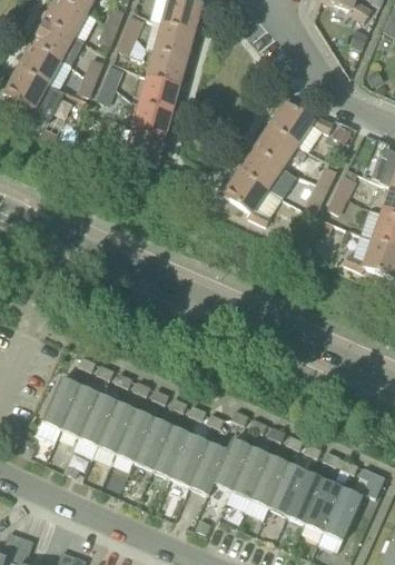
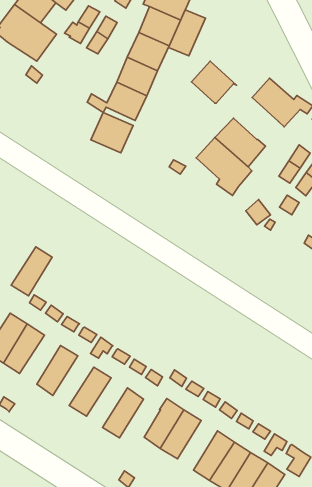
building: none -> [169,10,205,56]
building: [255,123,300,165] -> [192,61,237,103]
building: none -> [91,112,133,153]
building: [80,394,117,444] -> [11,247,52,296]
building: [117,409,154,460] -> none
building: [154,426,190,477] -> none
building: [190,443,227,493] -> none
building: [251,455,287,506] -> none

